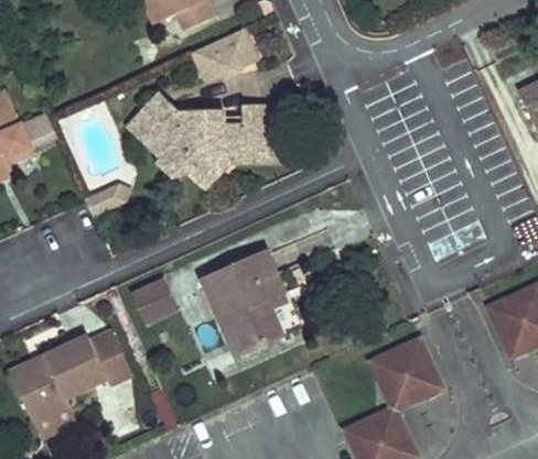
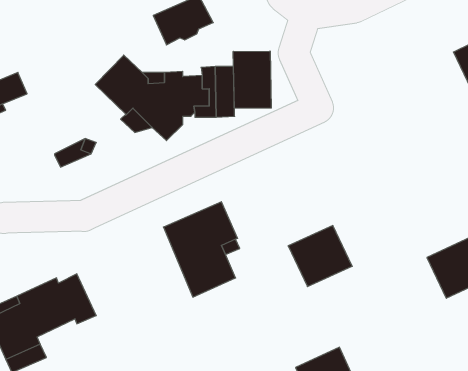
building: none -> [233,51,271,108]
building: [132,278,173,321] -> none
building: [373,342,442,408] -> [288,226,352,287]

